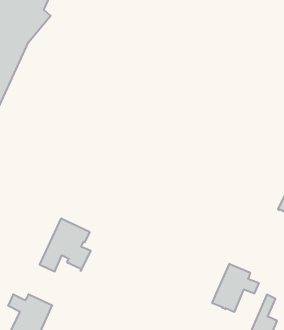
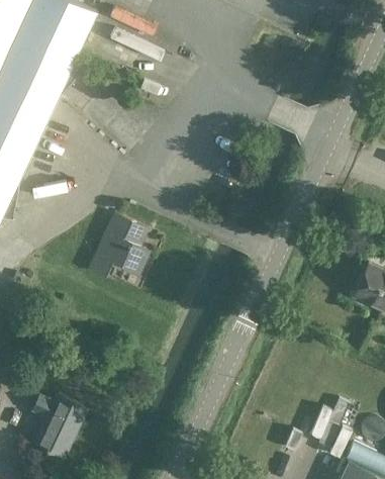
building: [40,219,91,271] -> [87,212,148,275]
building: [212,264,259,312] -> none

